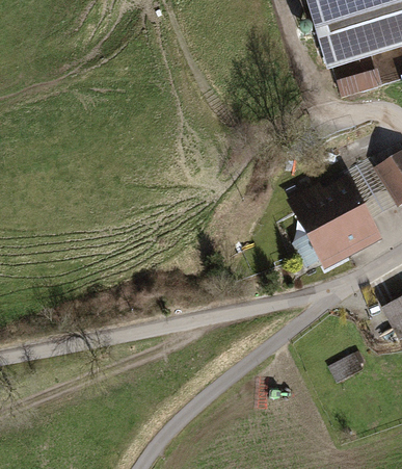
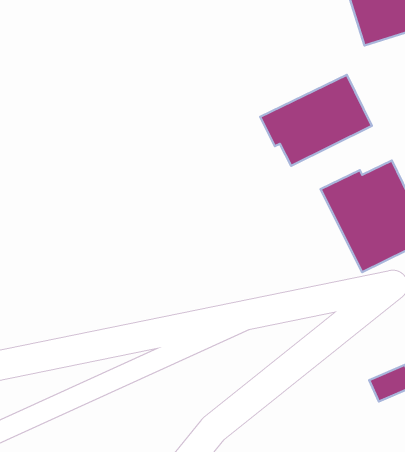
building: none -> [260,75,372,166]

